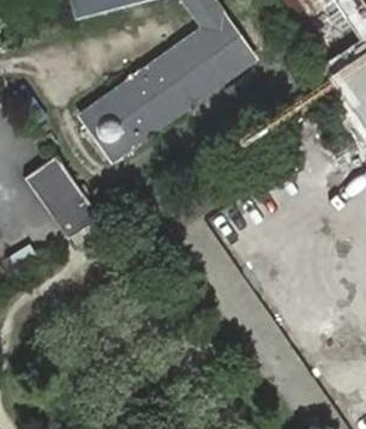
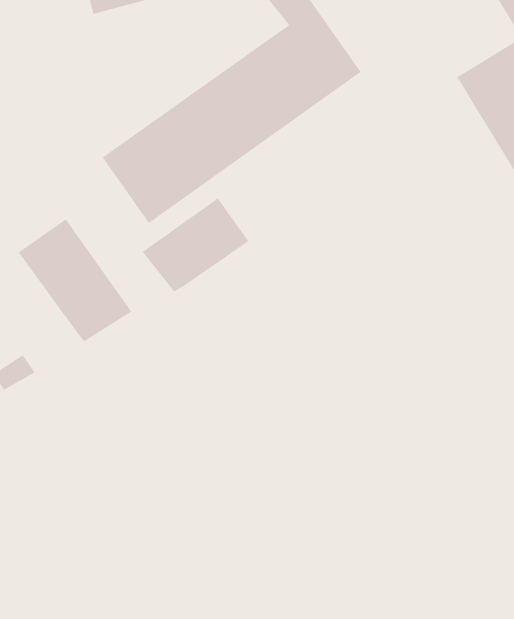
building: none -> [142,198,249,292]

